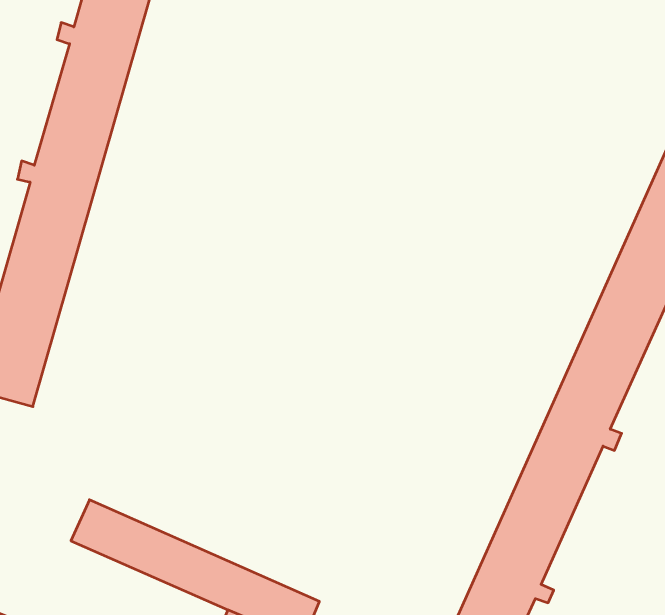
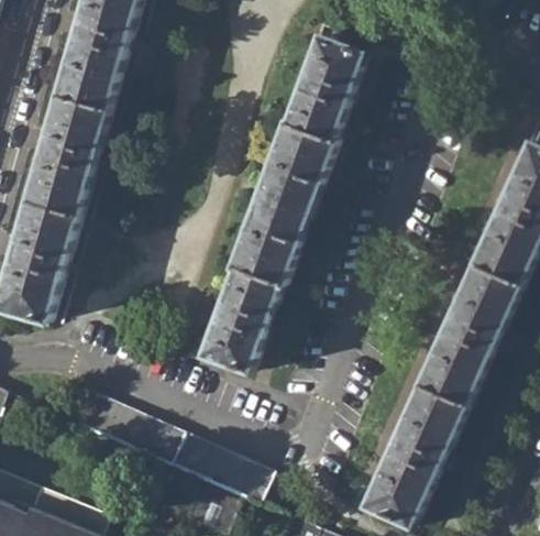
building: none -> [205,32,365,368]

